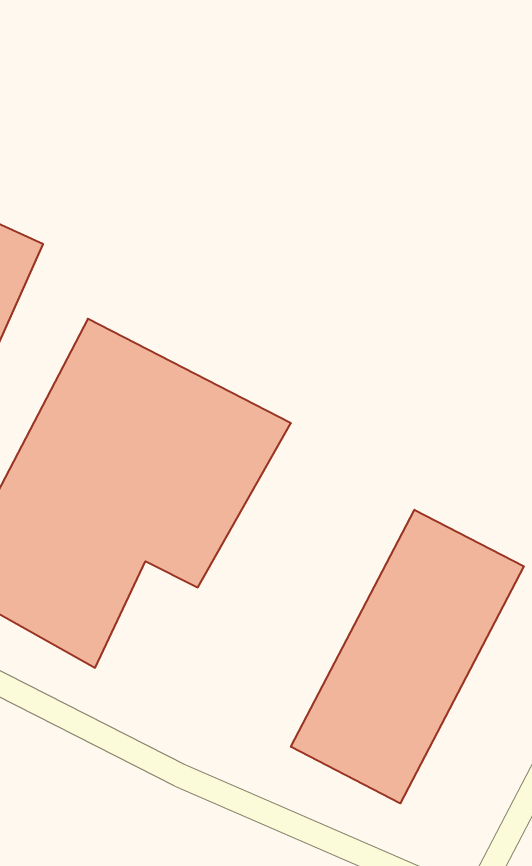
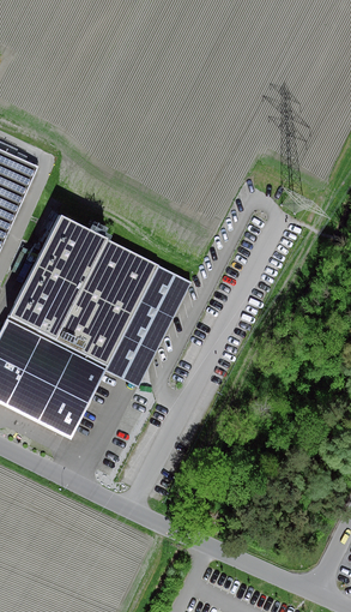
building: [291,510,524,803] -> none

